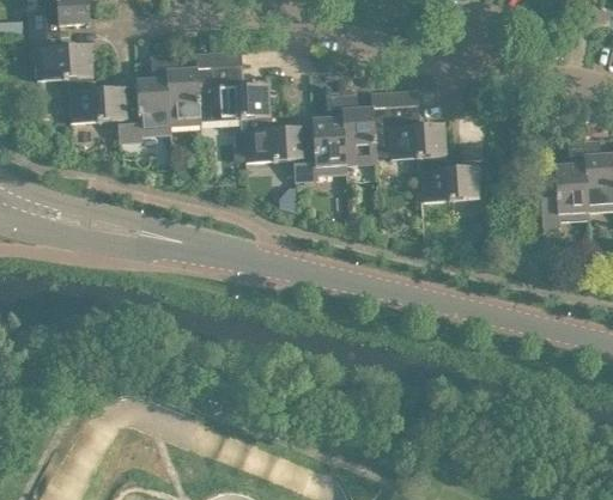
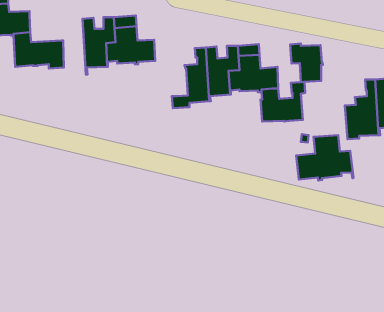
building: [119,55,171,142] -> none
building: none -> [290,43,323,82]
building: [245,115,316,165] -> none
building: none -> [296,135,353,181]

